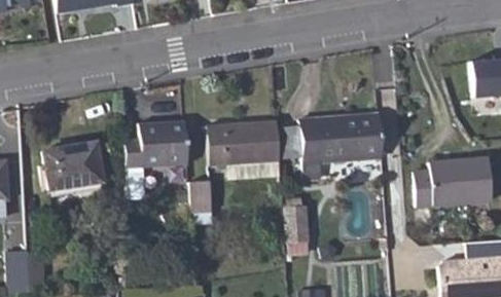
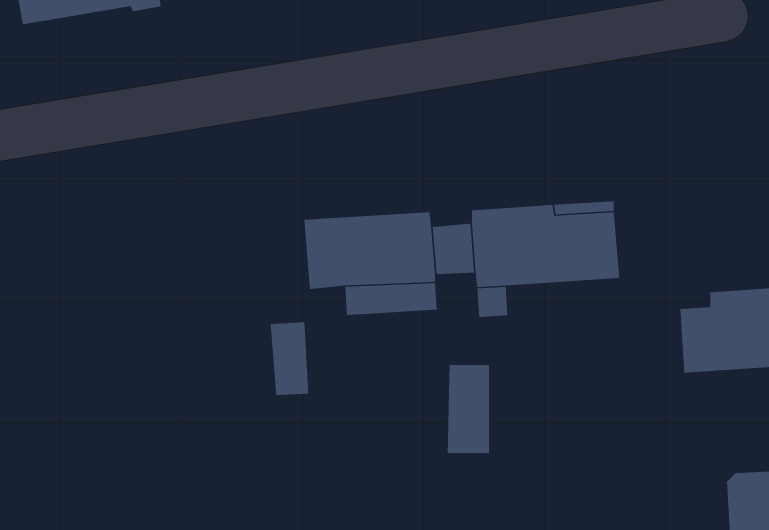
building: [124,119,188,195] -> none
building: [45,143,103,188] -> none

